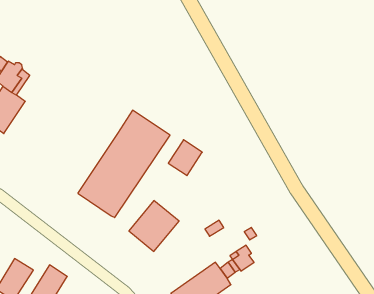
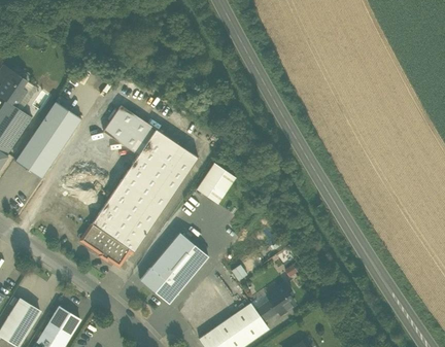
building: none -> [14,101,81,178]
building: none -> [103,105,156,154]
building: none -> [80,223,130,266]
building: none -> [140,267,179,303]

